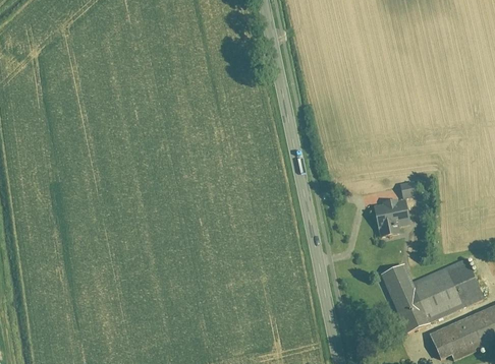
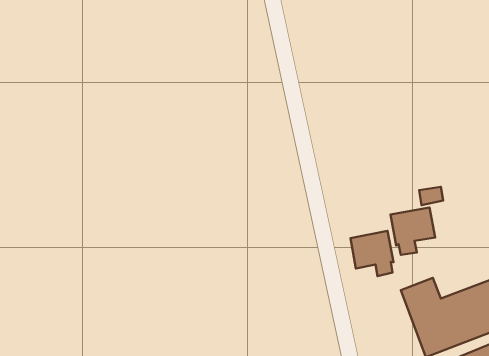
building: none -> [351,231,393,276]

